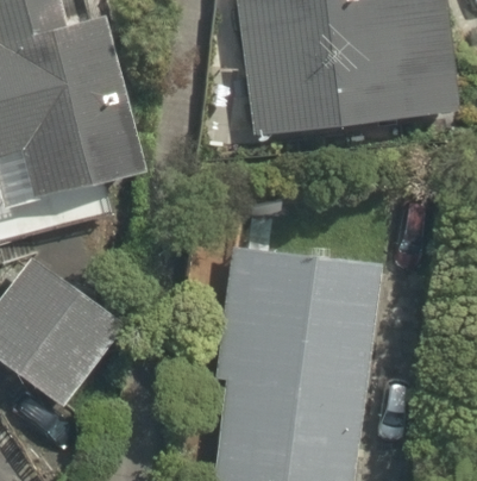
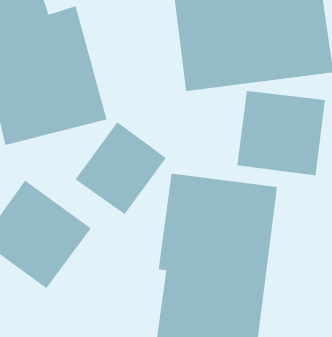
building: none -> [236,90,326,176]
building: none -> [75,121,167,215]

